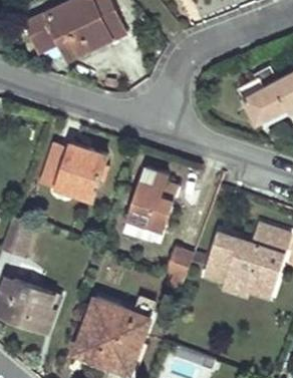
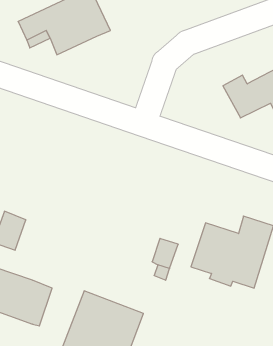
building: [40,141,107,199] -> none
building: [129,167,173,228] -> none

